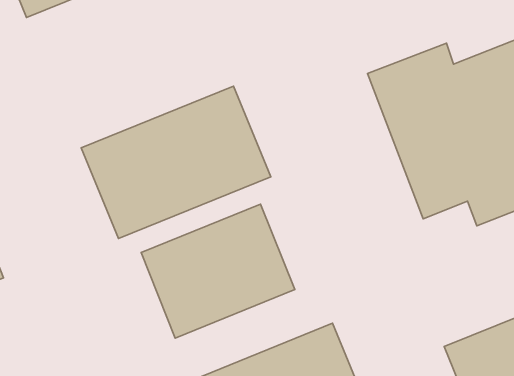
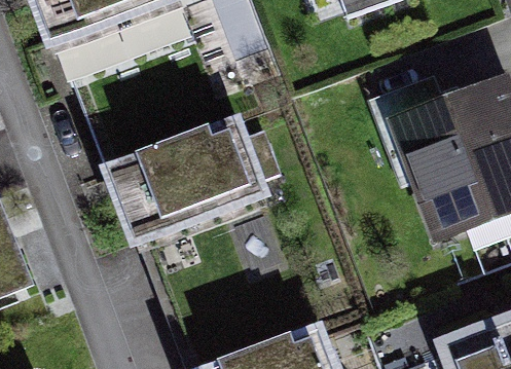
building: [141,204,295,338] -> none

